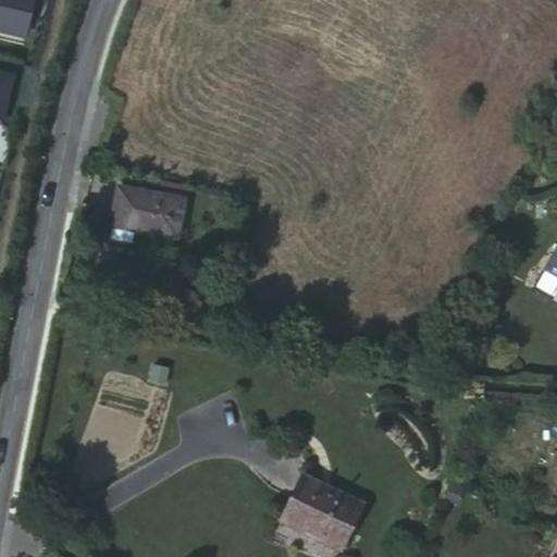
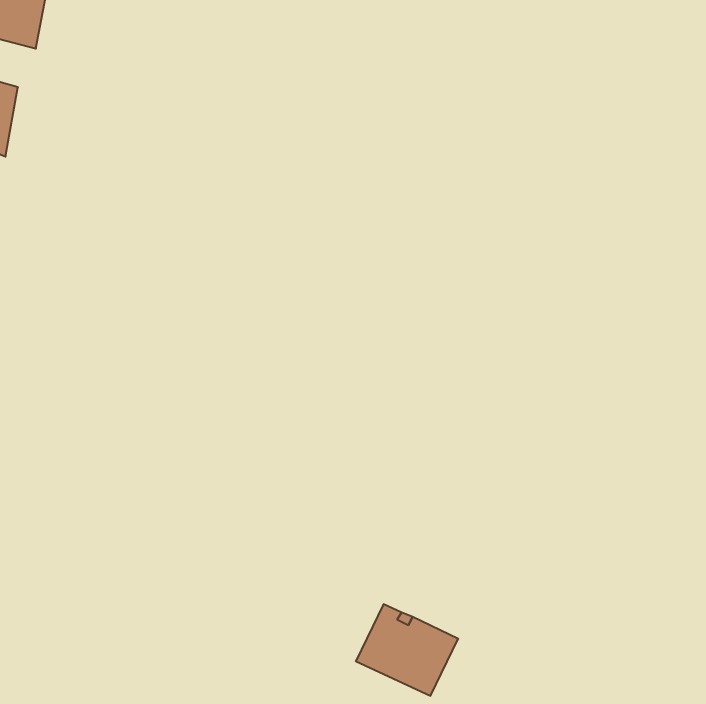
building: [109,185,182,235] -> none

